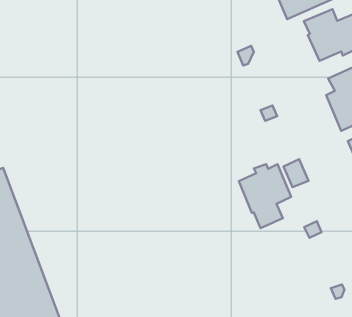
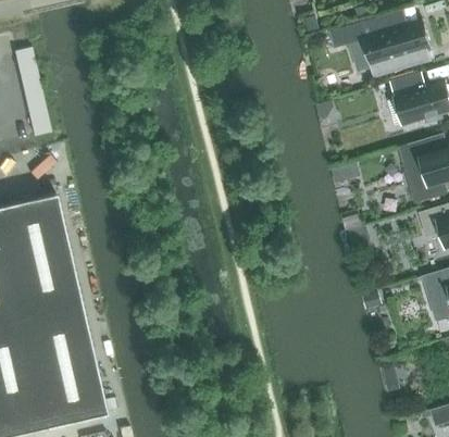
building: [239,164,291,228] -> none

